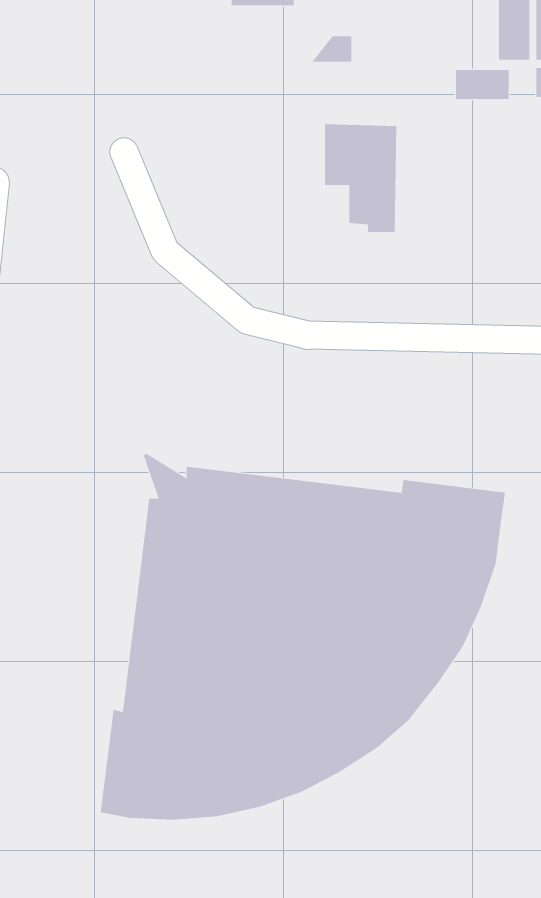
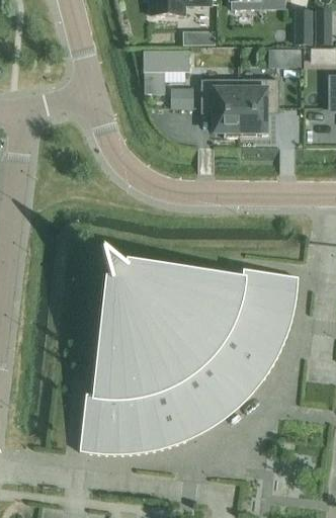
building: none -> [144,49,189,92]
building: none -> [239,78,278,136]
building: none -> [170,85,193,107]

